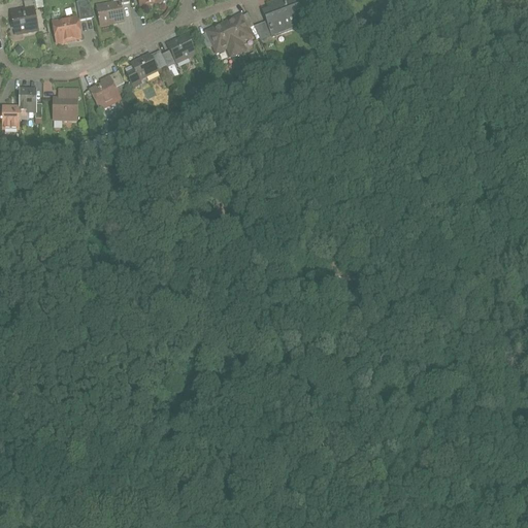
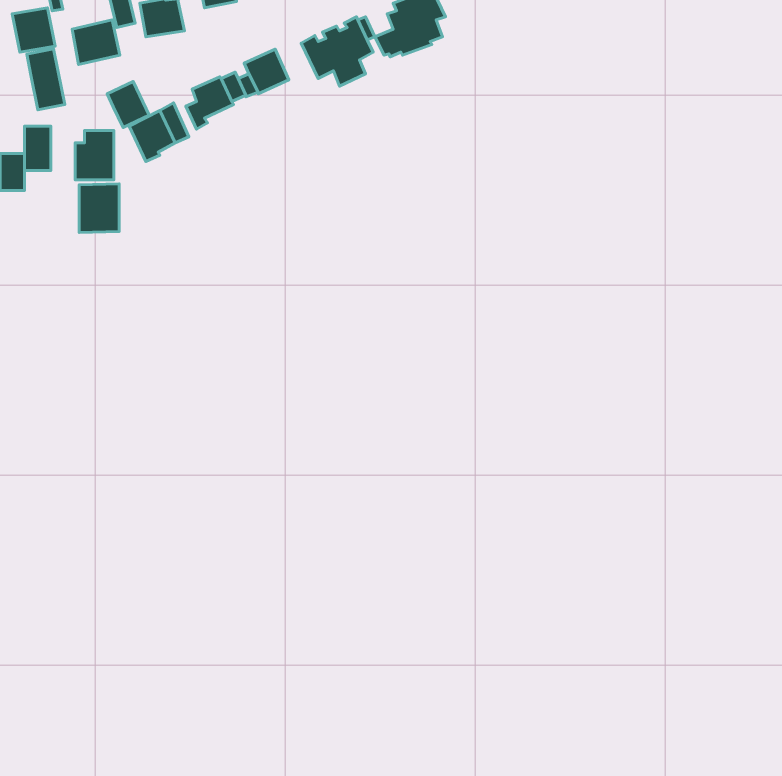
building: none -> [27,49,65,110]
building: none -> [107,82,149,127]
building: none -> [79,184,119,233]

